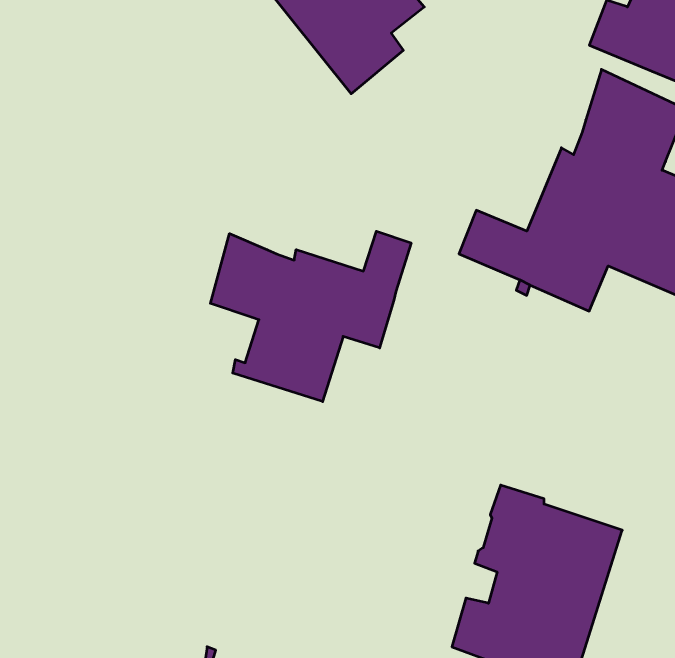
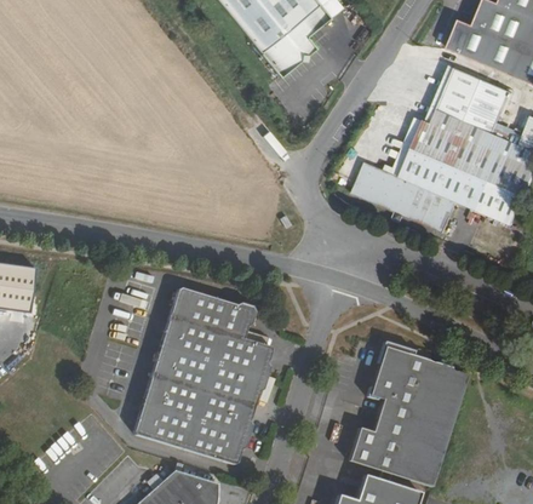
building: [210,231,411,402] -> none
building: none -> [134,285,271,463]

